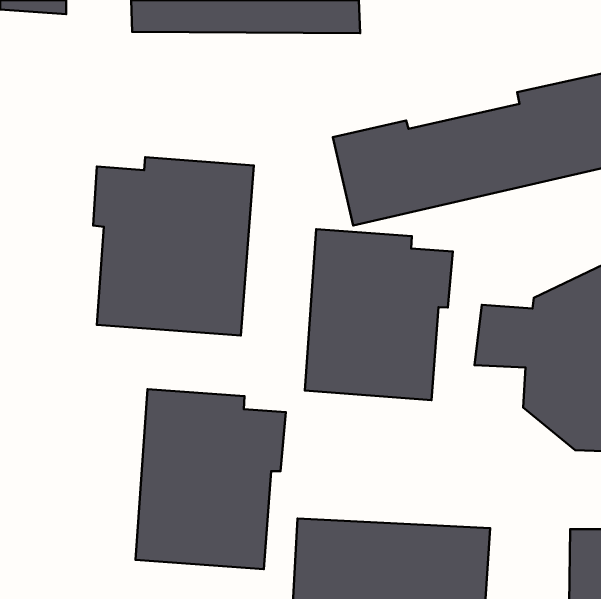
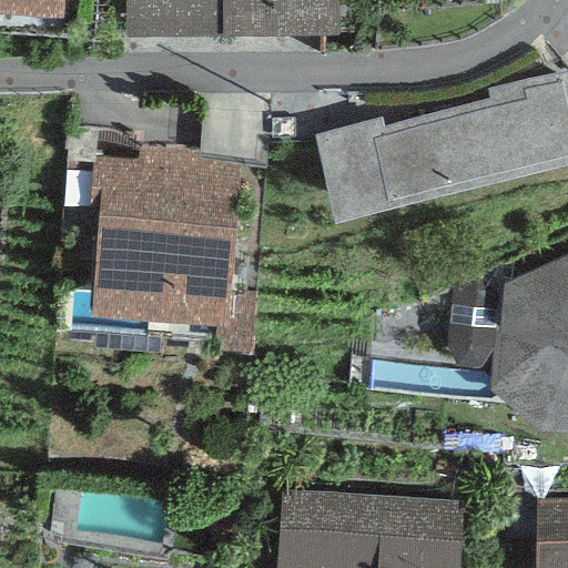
building: [305,229,453,400] -> none
building: [135,389,286,569] -> none

